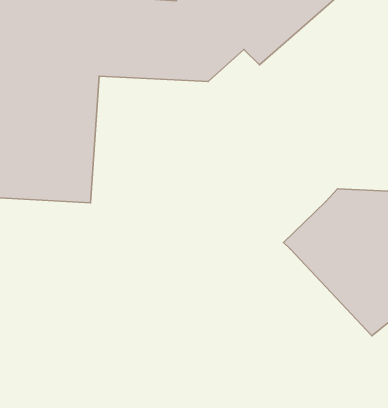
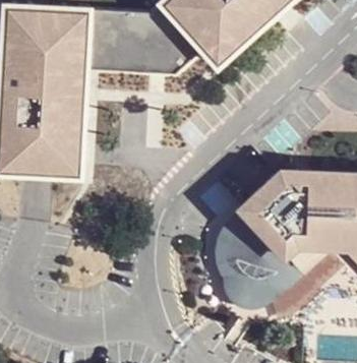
building: none -> [217,213,307,315]

